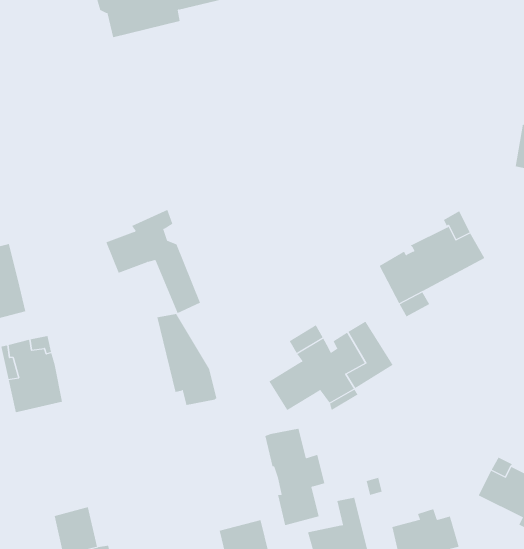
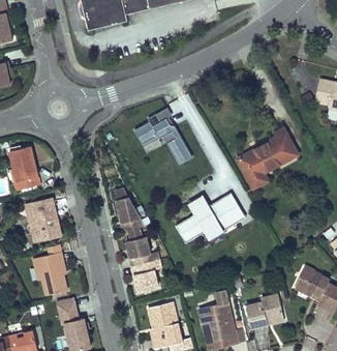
building: [105,209,201,314] -> [131,105,185,164]
building: none -> [32,244,66,295]
building: [264,428,325,526] -> [126,234,160,289]

